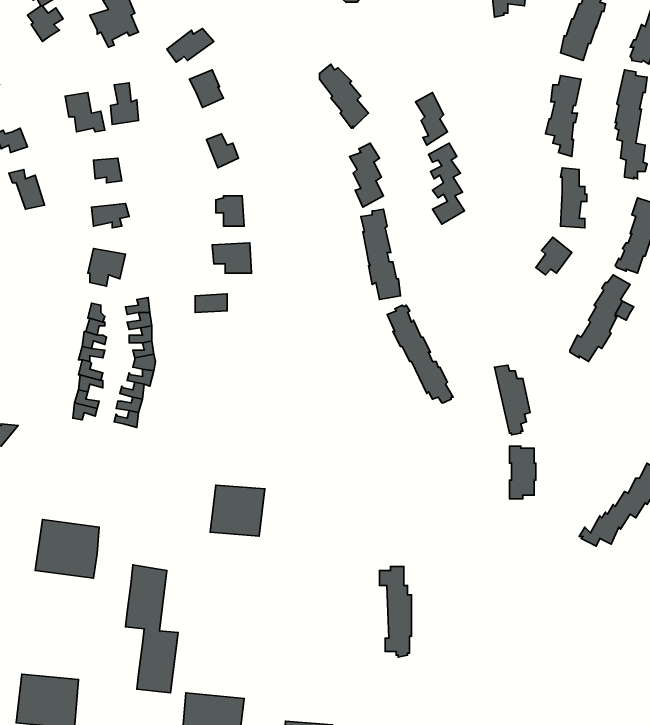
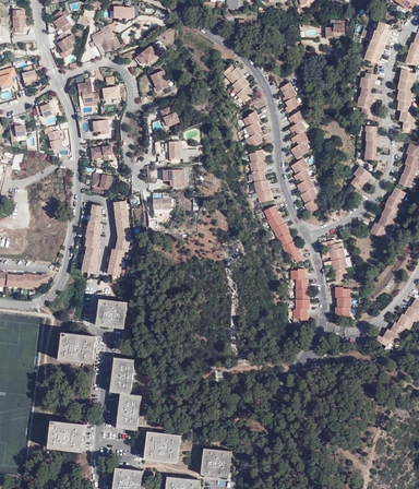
building: none -> [290,158,321,214]
building: [210,485,265,536] -> [97,298,129,327]
building: [379,567,411,657] -> [289,269,308,321]

